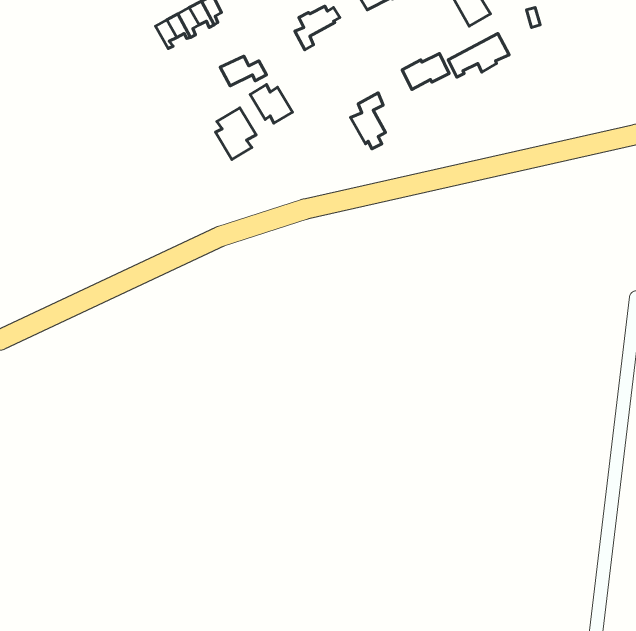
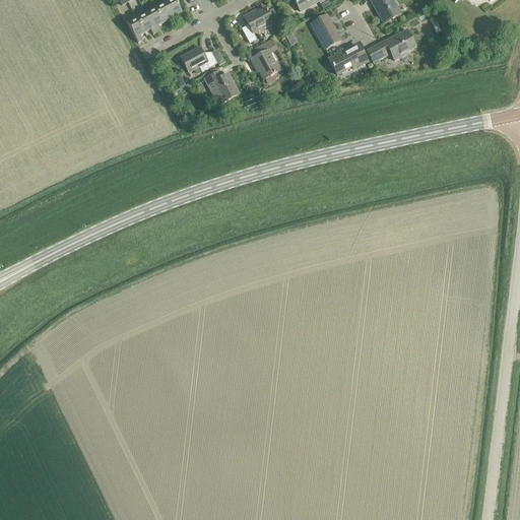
building: none -> [311,12,340,47]
building: [351,93,385,149] -> [250,37,278,82]
building: [215,108,256,159] -> none

